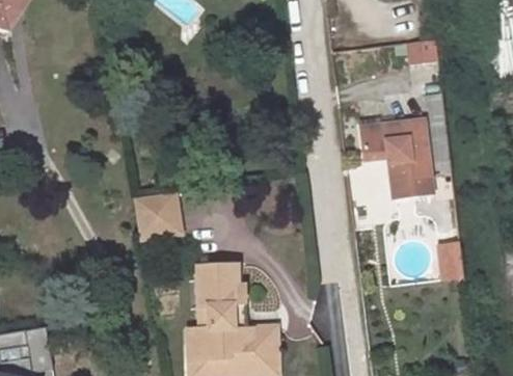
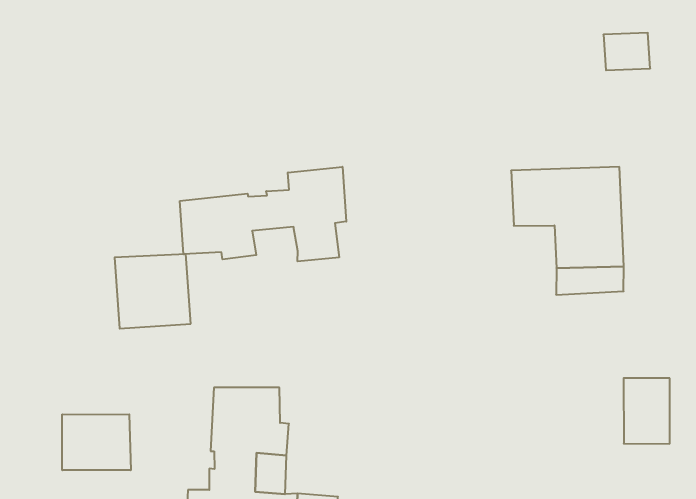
building: none -> [180,167,346,261]
building: none -> [62,414,131,470]

